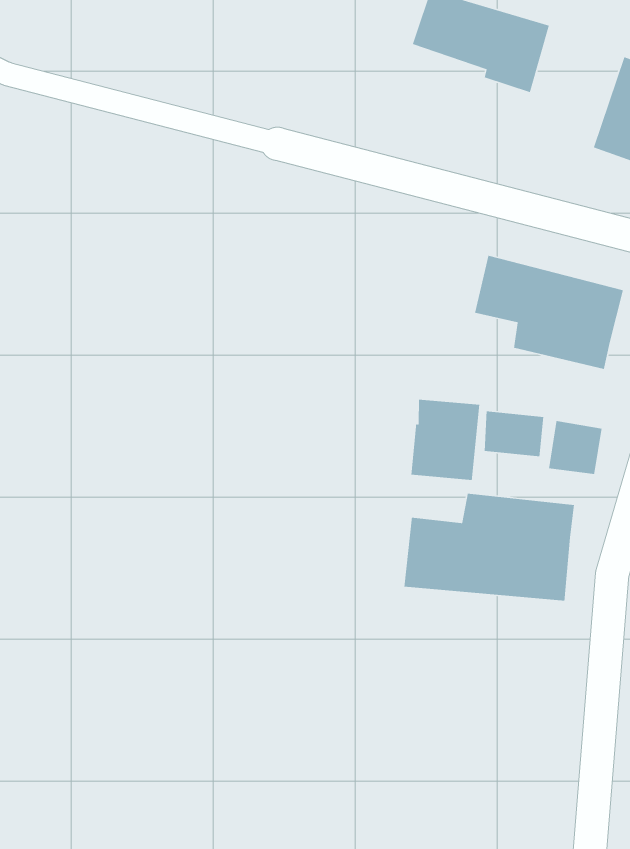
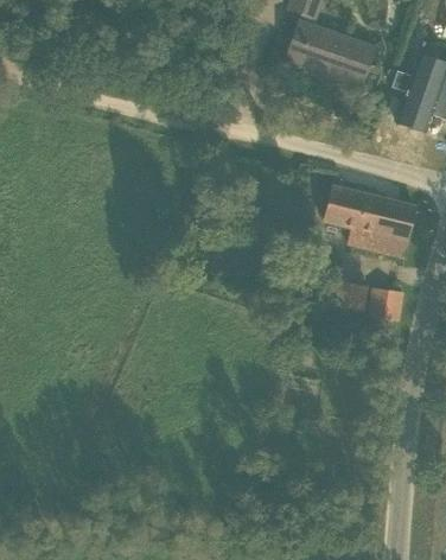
building: [411,399,480,481] -> none
building: [403,493,575,601] -> none

